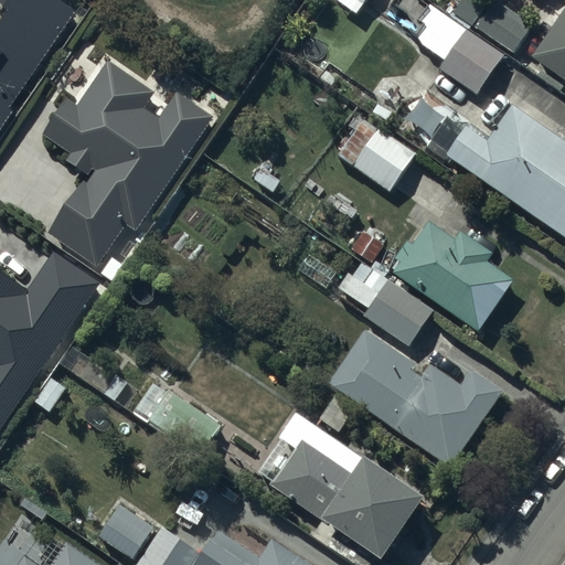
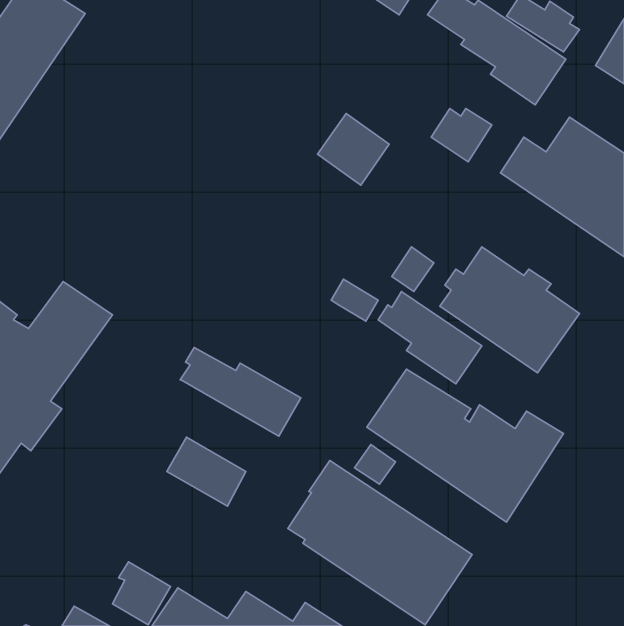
building: [42,61,211,260] -> none
building: [352,128,416,192] -> [318,113,389,185]
building: none -> [180,347,301,436]

